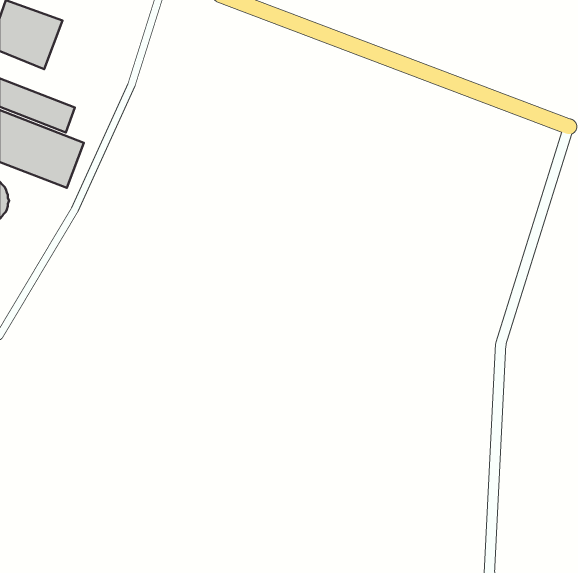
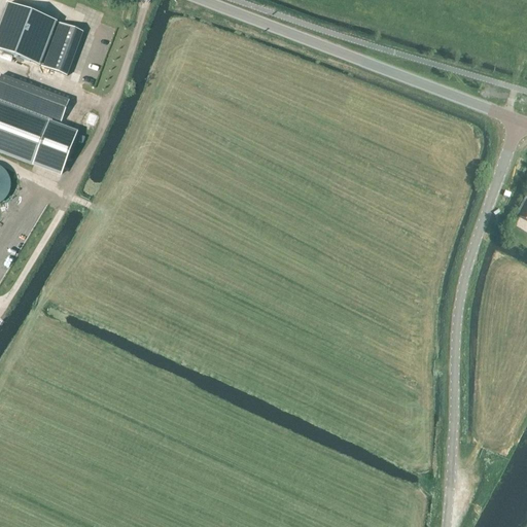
building: none -> [40,19,81,72]

